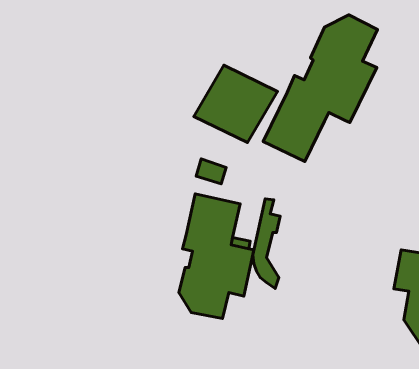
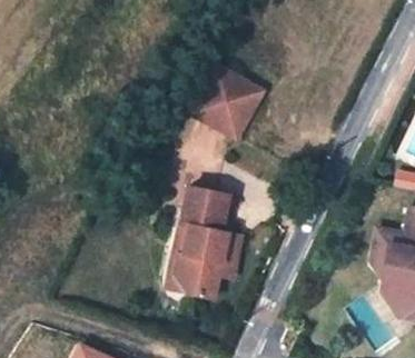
building: [263,15,377,162] -> none
building: [253,199,280,289] -> [166,218,190,298]

